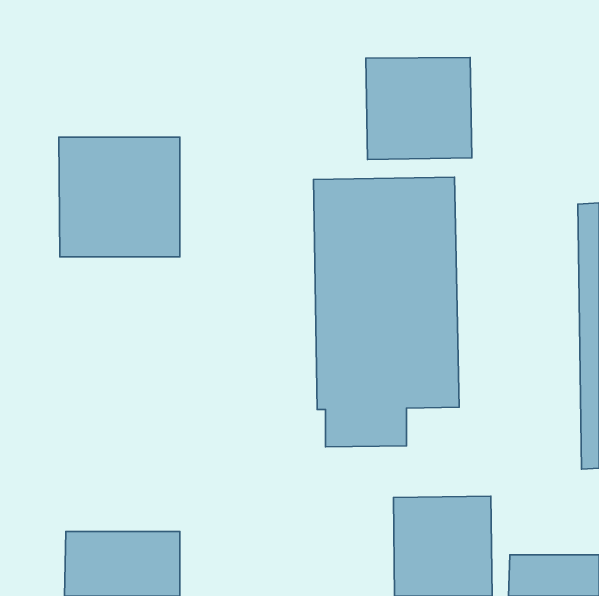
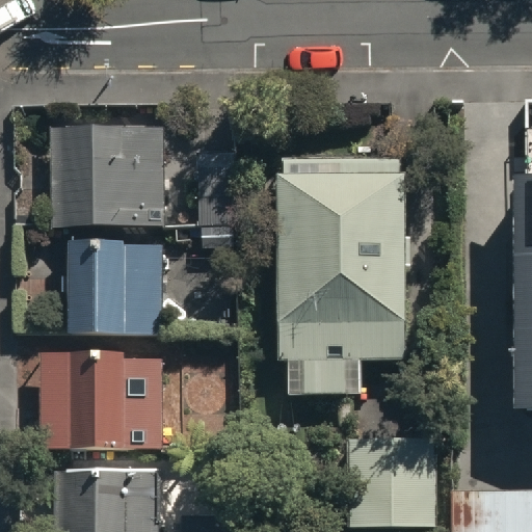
building: [366,58,472,160] -> none
building: none -> [73,242,159,334]
building: none -> [43,352,157,454]

